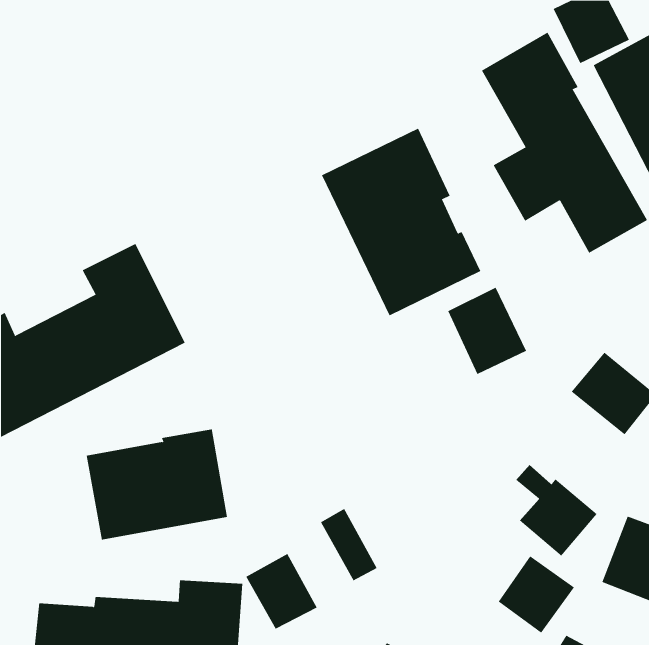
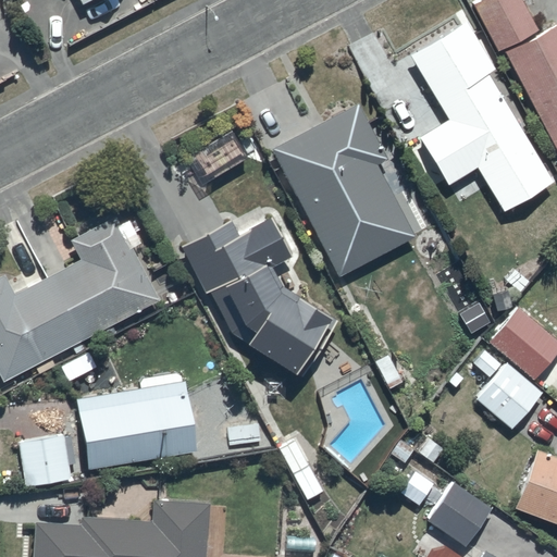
building: none -> [183,207,339,375]
building: [447,287,527,375] -> none
building: [515,464,597,556] -> [473,350,543,429]
building: none -> [18,434,72,485]
building: [246,553,317,630] -> none

